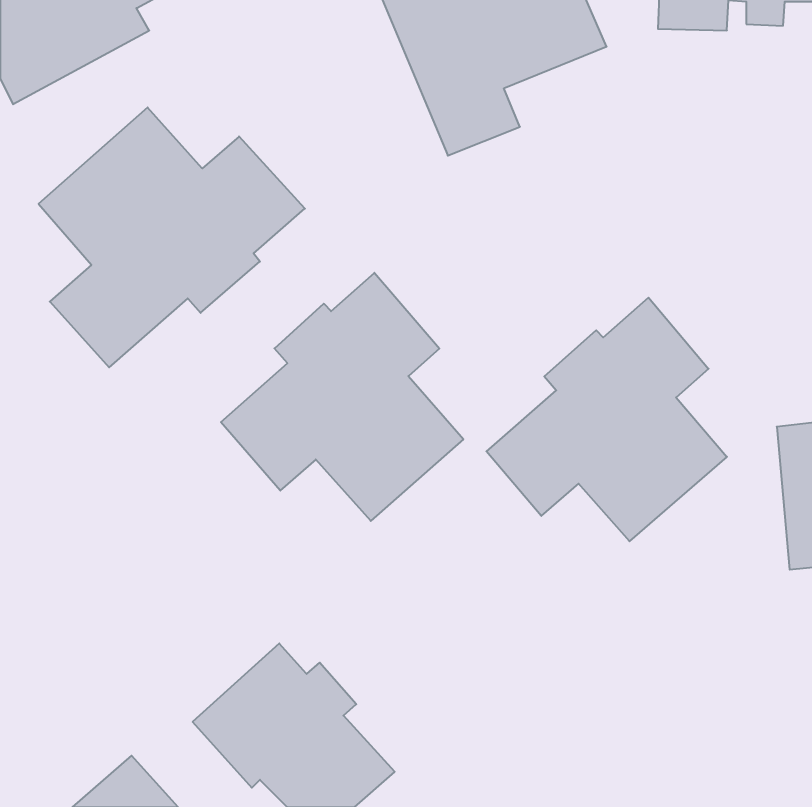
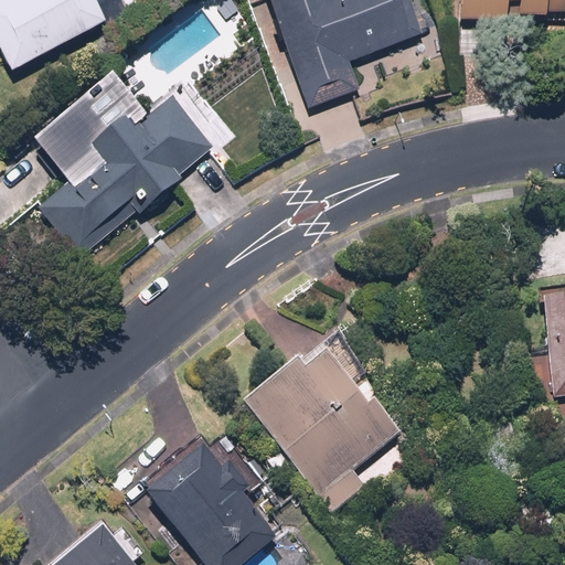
building: [221,273,463,521] -> none
building: [486,298,727,541] -> none
building: none -> [239,348,399,508]

